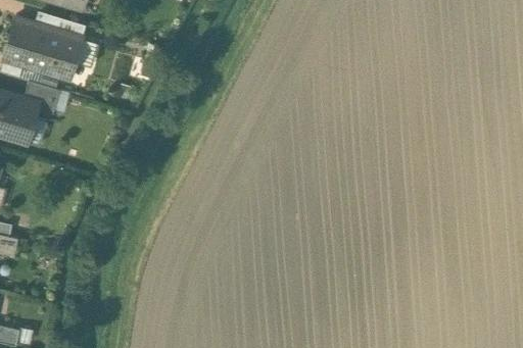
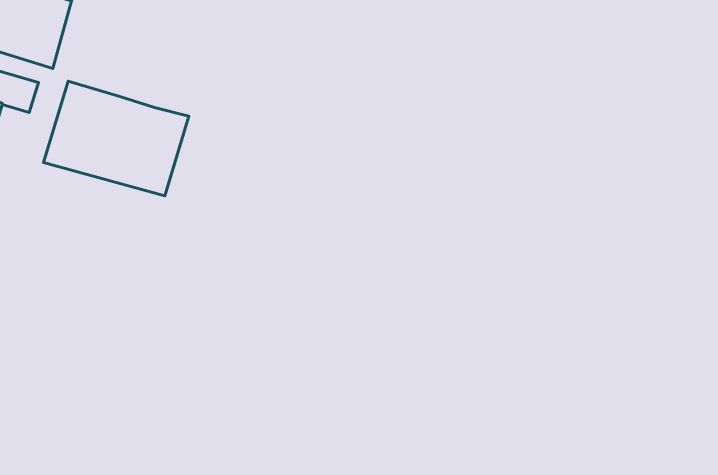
building: none -> [43,81,189,196]

